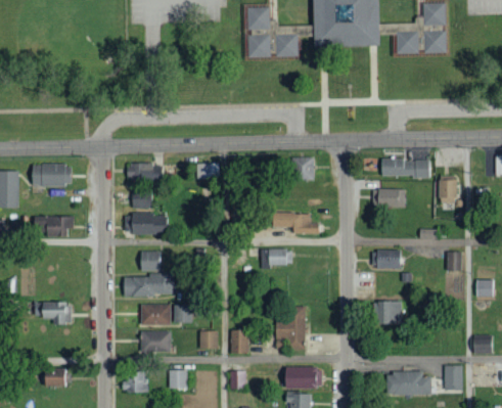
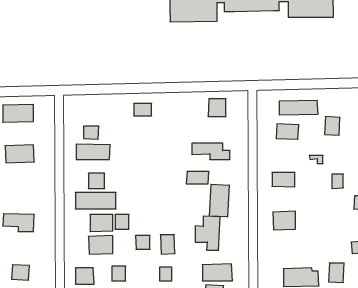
building: [128,164,164,181] -> none
building: none -> [209,184,229,217]

